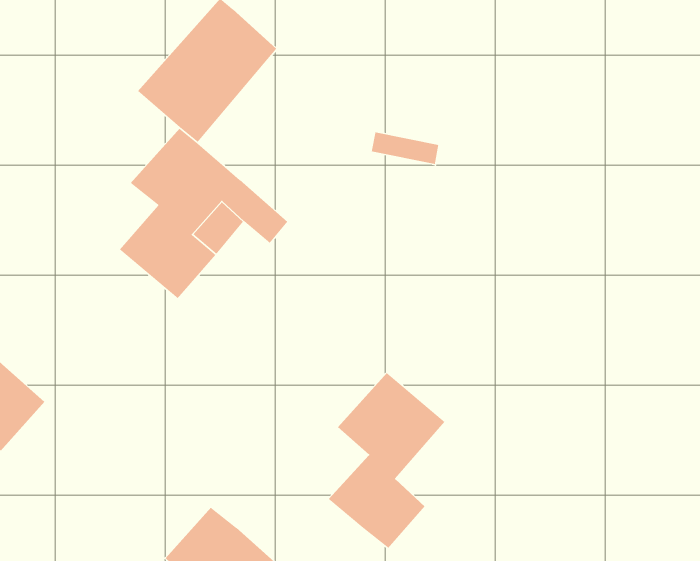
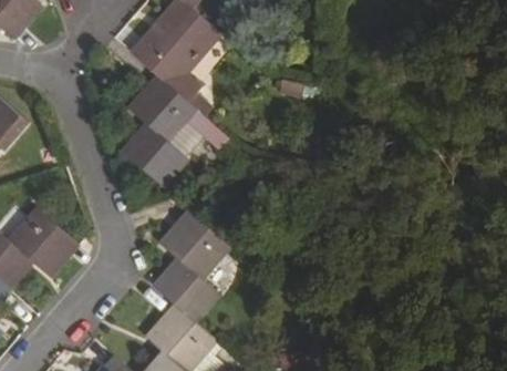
building: [328,372,446,549] -> [156,213,227,319]

